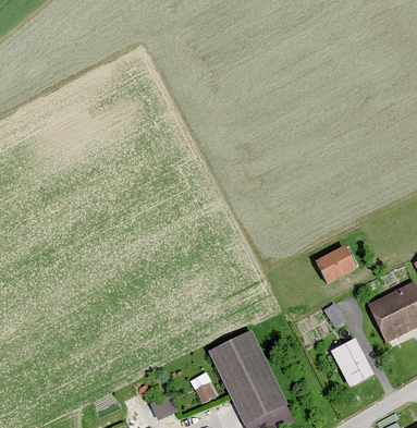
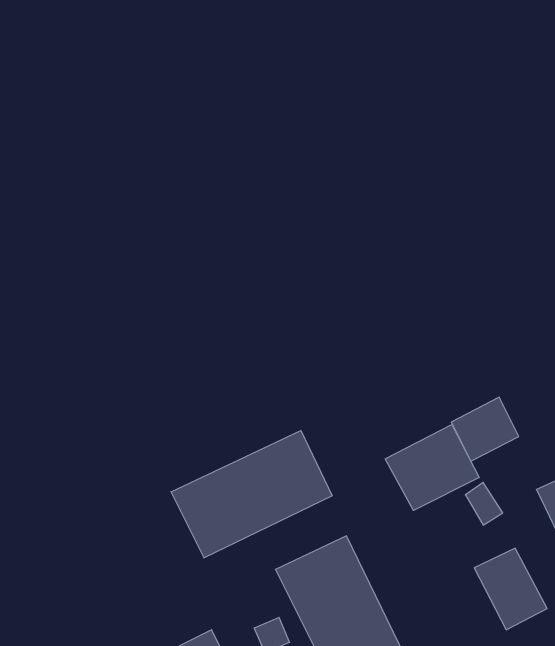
building: none -> [385,424,479,510]
building: none -> [171,431,332,558]

